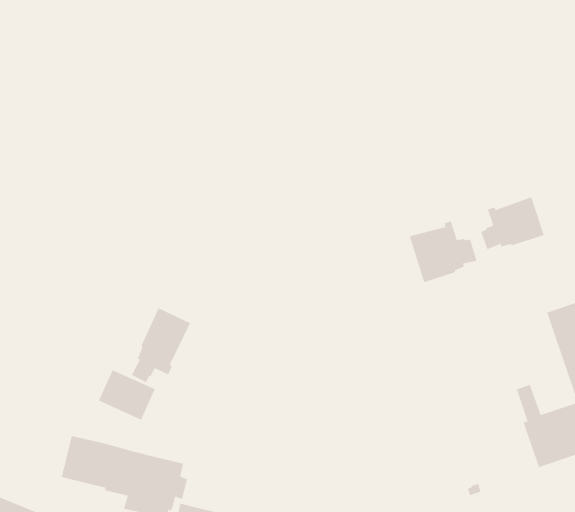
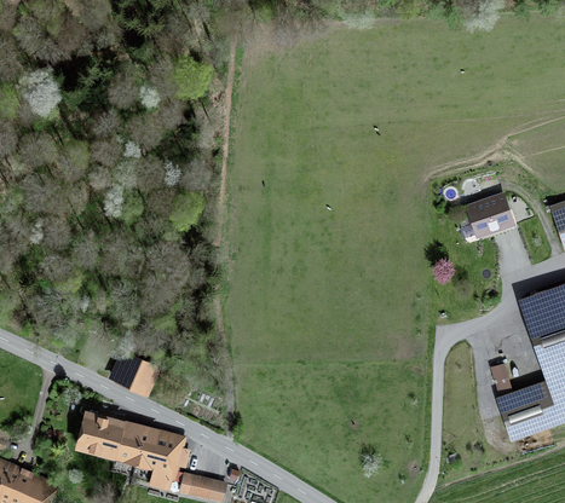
building: [409,221,477,283] -> none
building: [131,307,191,383] -> none

